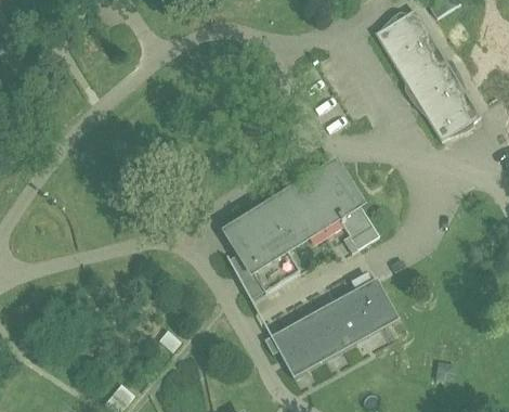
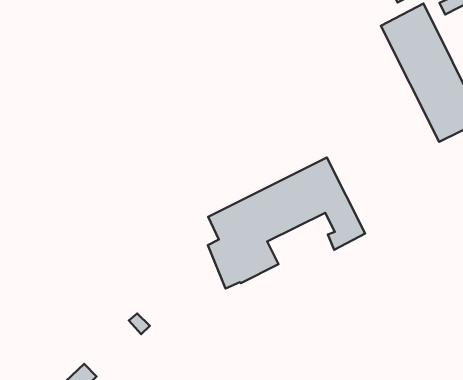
building: [264,278,391,377] -> none

